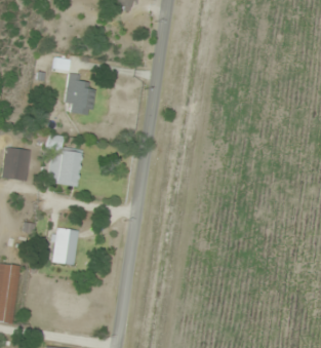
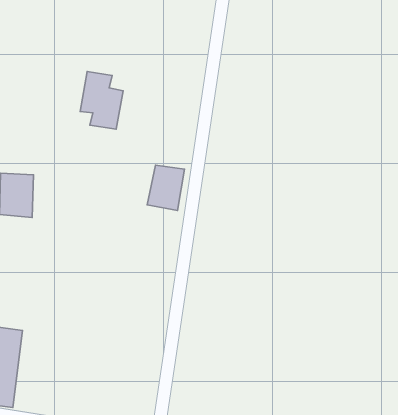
building: [54,150,82,184] -> [147,165,184,210]
building: [53,228,78,264] -> none

